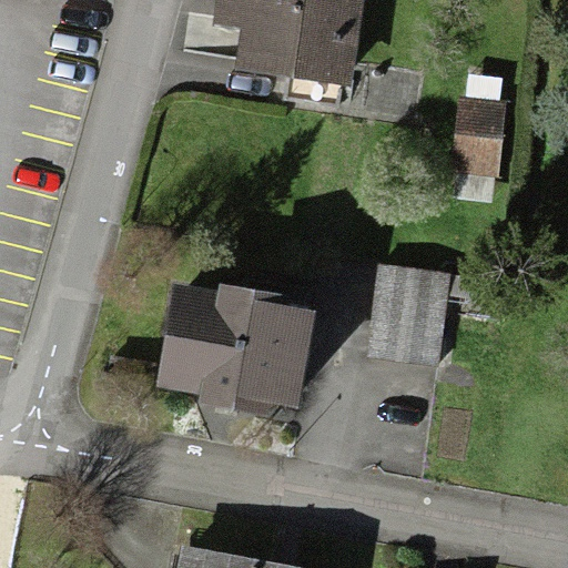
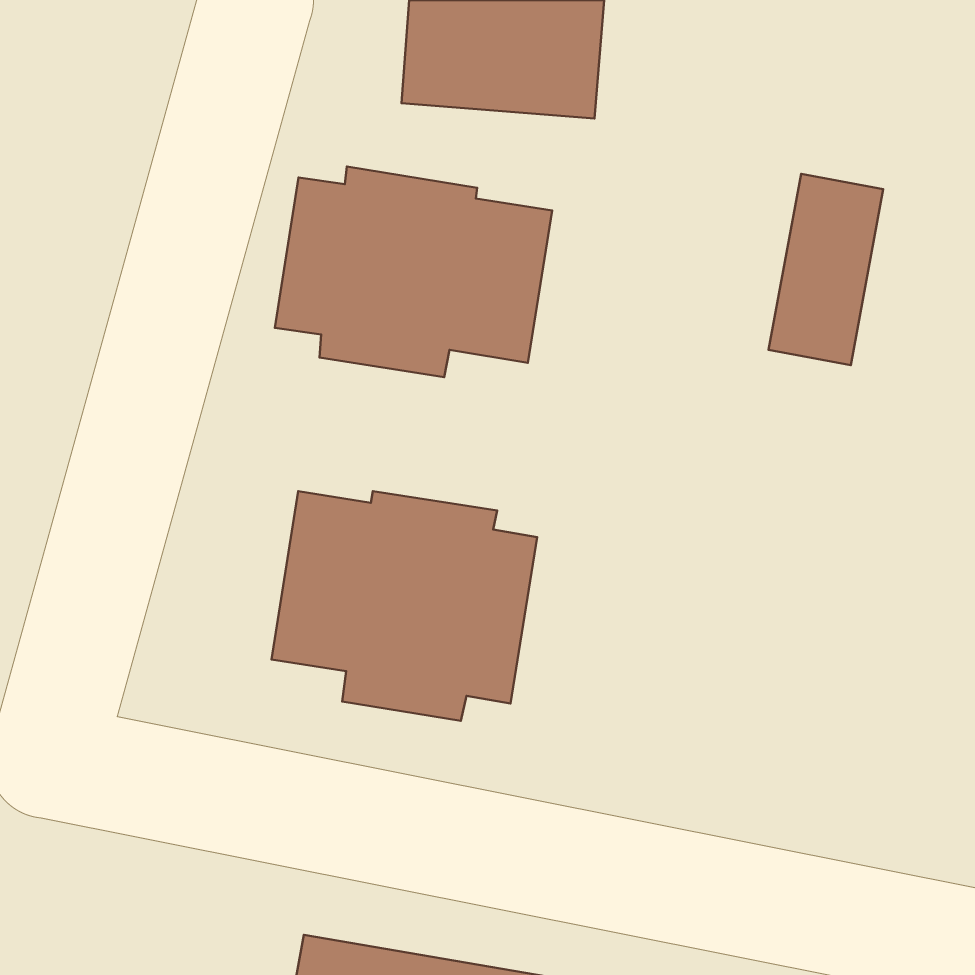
building: none -> [275,167,552,377]
building: [365,260,486,366] -> none

